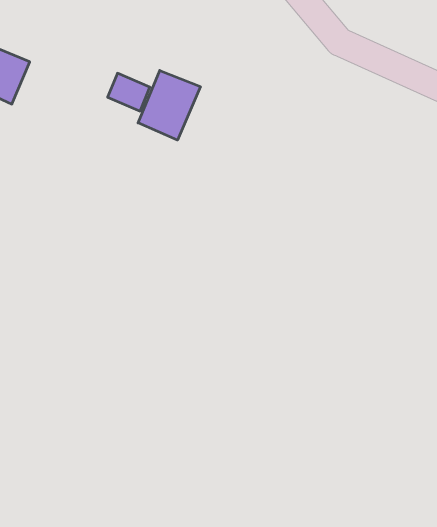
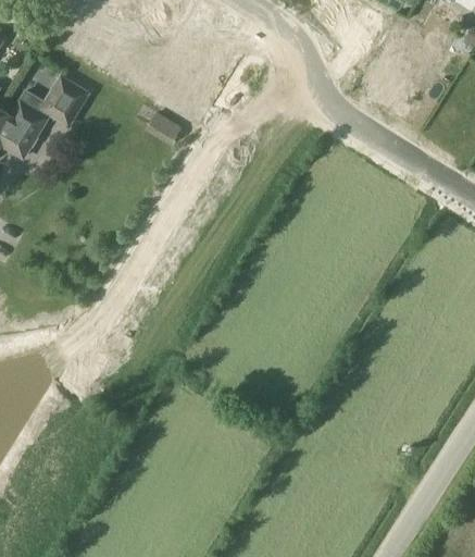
building: [138,70,200,140] -> none

